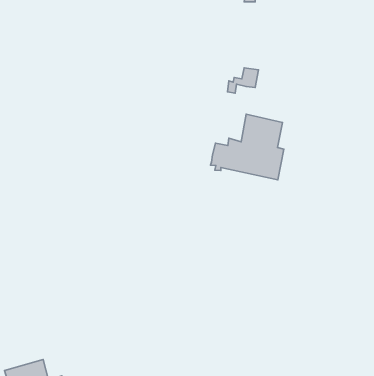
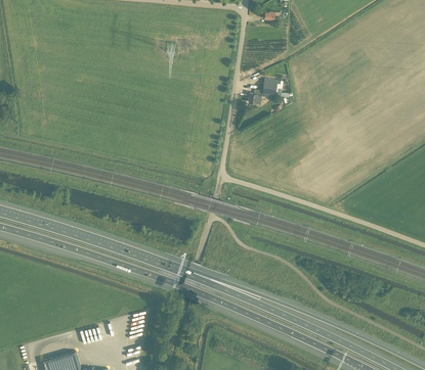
building: [210,114,284,180] -> none

